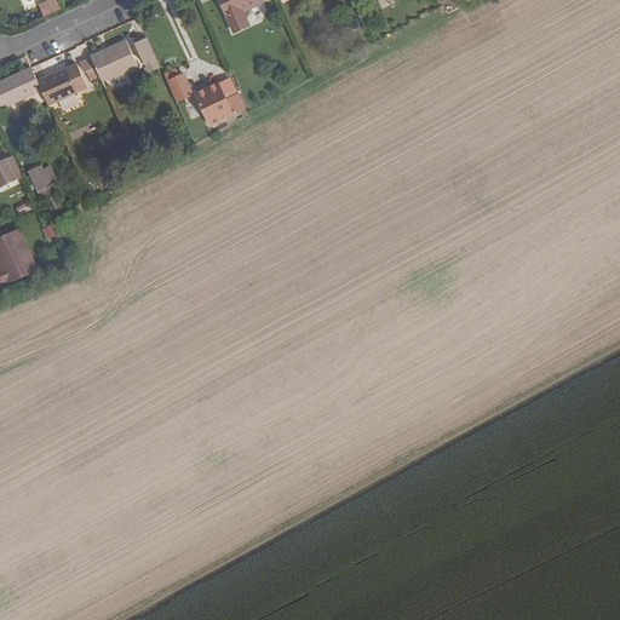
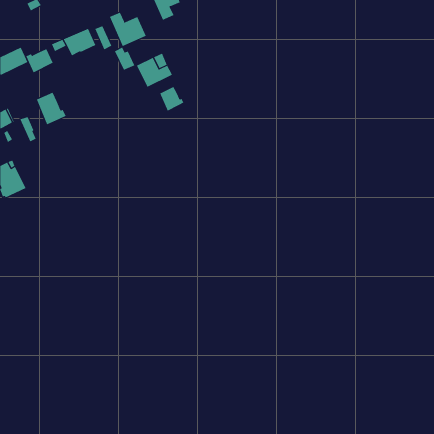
building: none -> [109,12,146,47]
building: none -> [159,86,184,111]
building: none -> [36,92,66,125]

